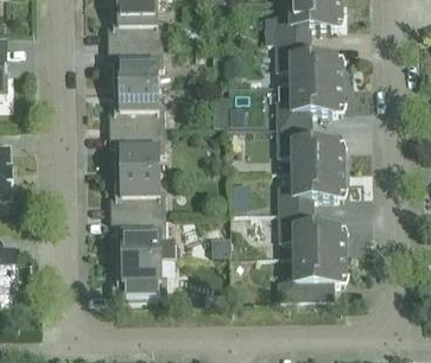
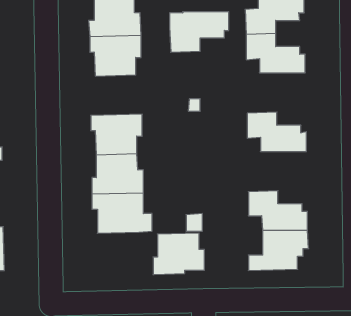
building: [278,84,342,128] -> [170,12,229,52]
building: [108,87,165,130] -> none
building: [280,170,344,214] -> none
building: [112,257,167,302] -> [153,233,204,275]

